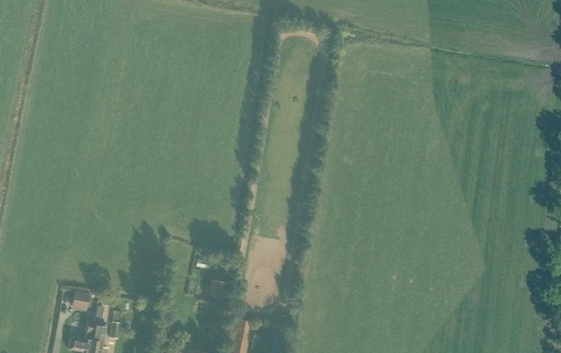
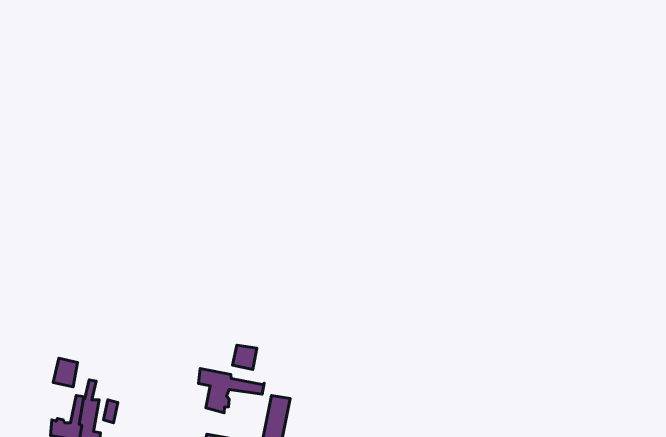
building: none -> [198,368,264,413]

